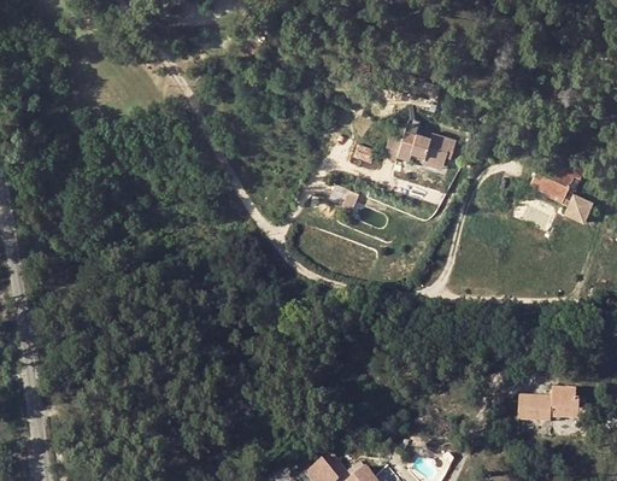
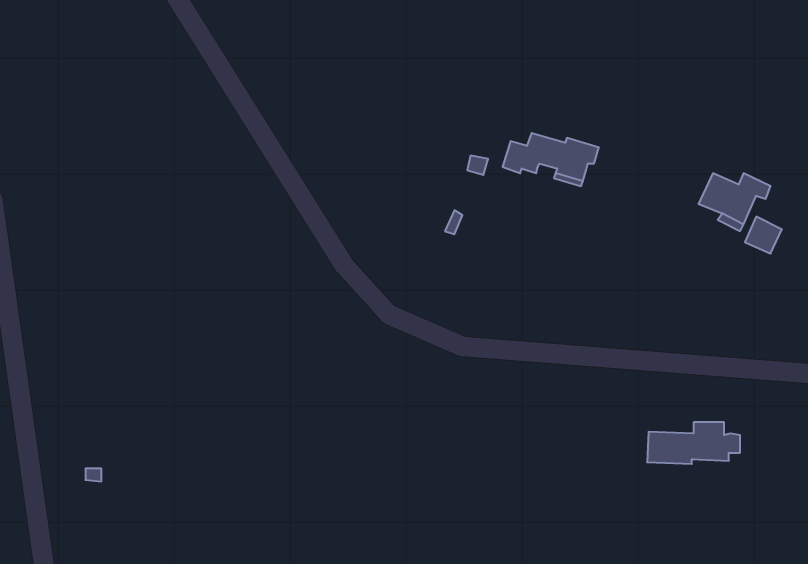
building: [517,389,587,421] -> [647,422,740,464]

